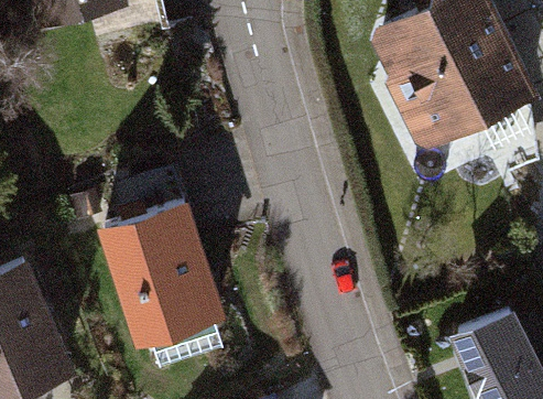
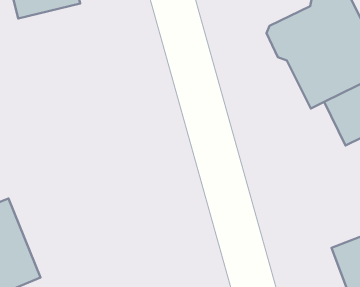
building: [105,176,221,344] -> none

